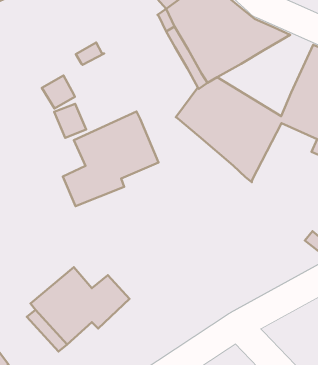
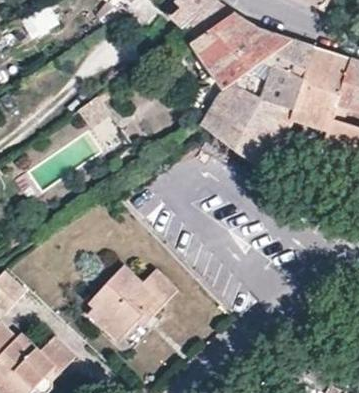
building: none -> [234,40,316,113]
building: [63,111,159,206] -> none

